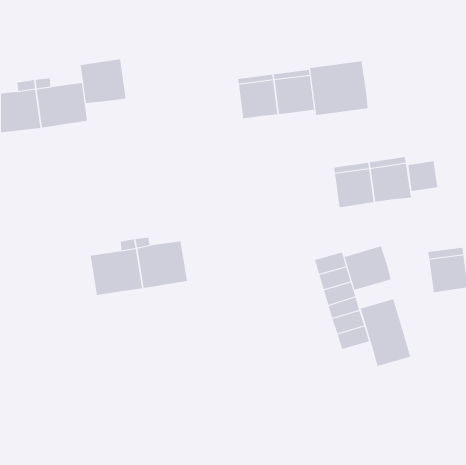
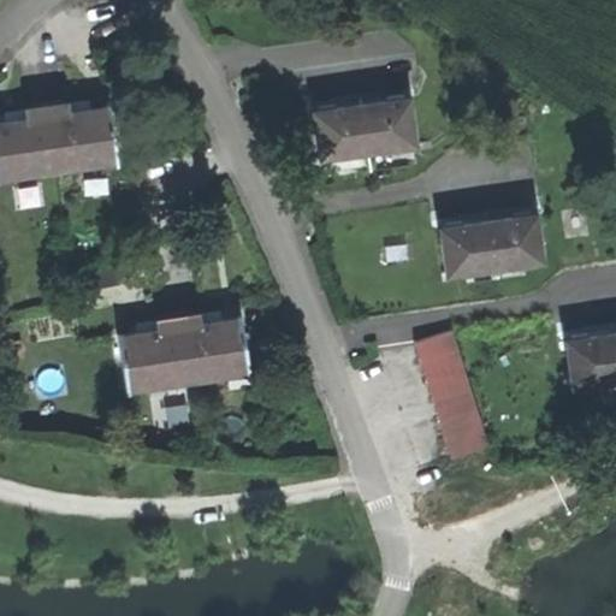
building: [80,59,126,104] -> none
building: [310,60,368,116] -> none
building: [408,161,438,192] -> none
building: [344,246,391,291] -> none
building: [360,298,411,367] -> none

